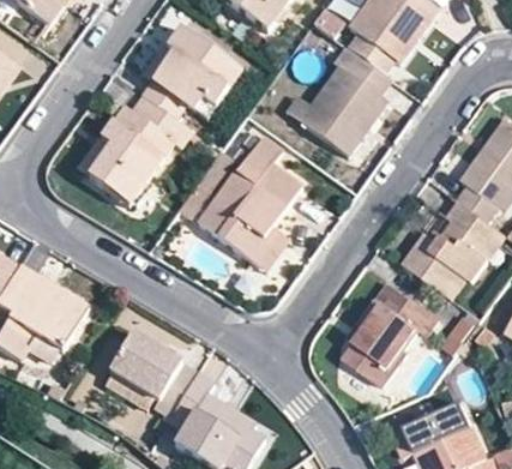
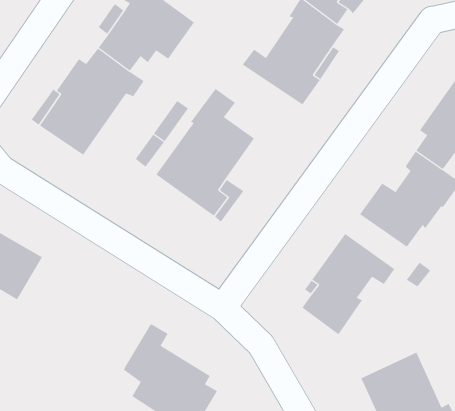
building: [107,333,195,414] -> none

